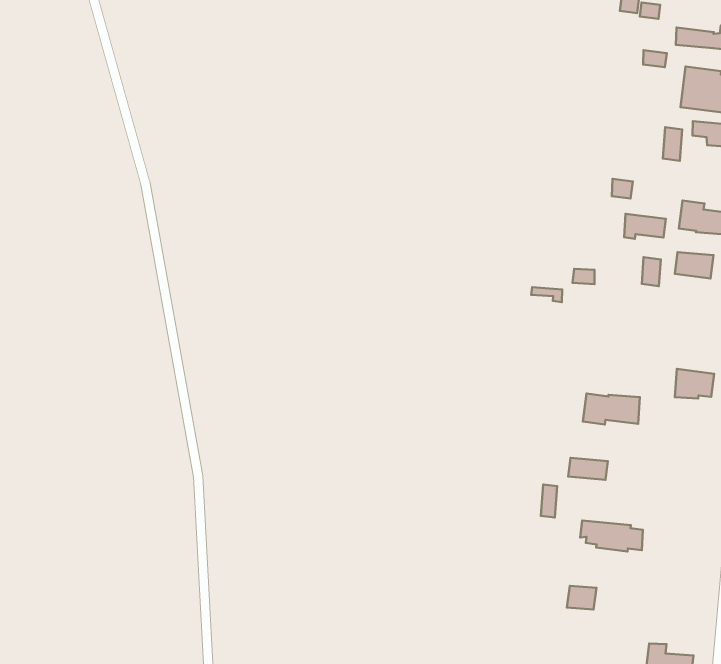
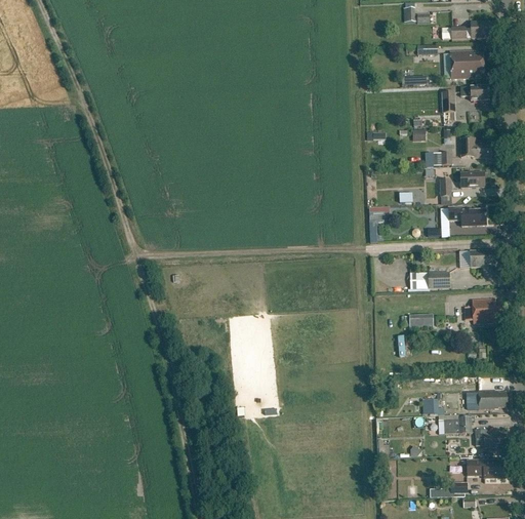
building: none -> [448,207,486,227]
building: none -> [472,300,501,323]
building: [580,520,643,551] -> [466,391,507,408]
building: none -> [444,416,472,434]

